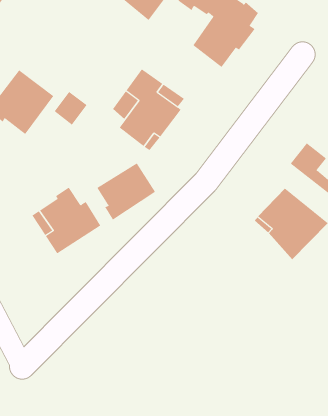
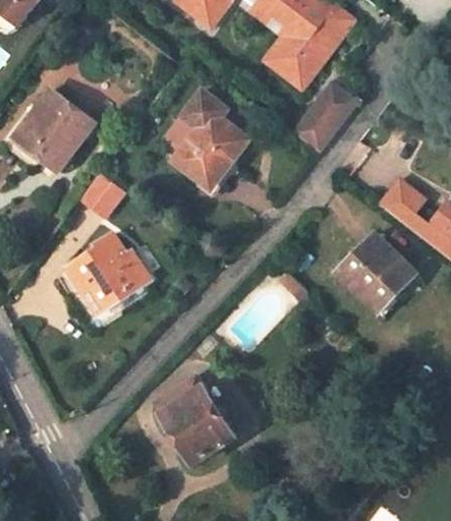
building: none -> [290,81,355,151]
building: [54,91,87,125] -> [82,174,123,216]
building: [97,162,156,220] -> none
building: none -> [155,372,247,462]

